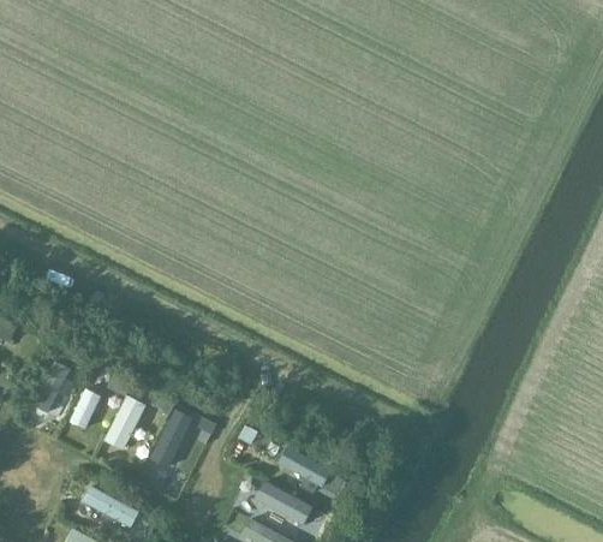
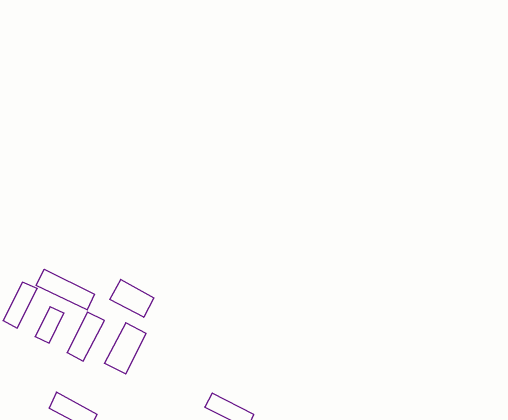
building: none -> [36,269,94,310]
building: none -> [110,279,154,317]
building: [277,447,332,488] -> none

